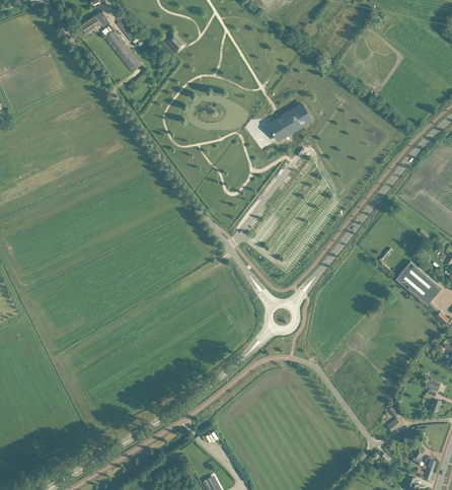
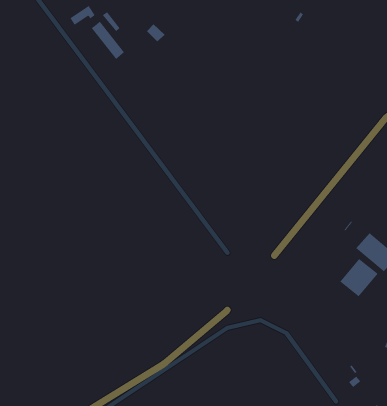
building: [268,103,310,139] -> none
building: none -> [339,258,378,297]

